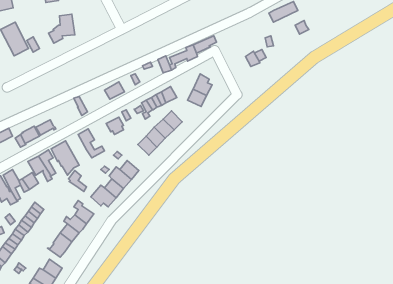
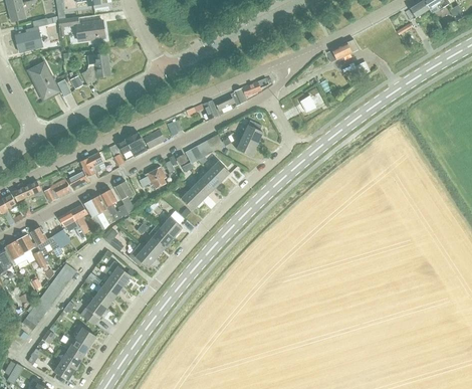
building: none -> [116,132,147,160]
building: none -> [79,152,105,177]
building: none -> [99,189,129,221]

